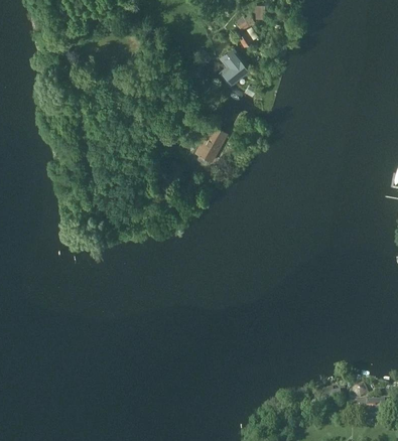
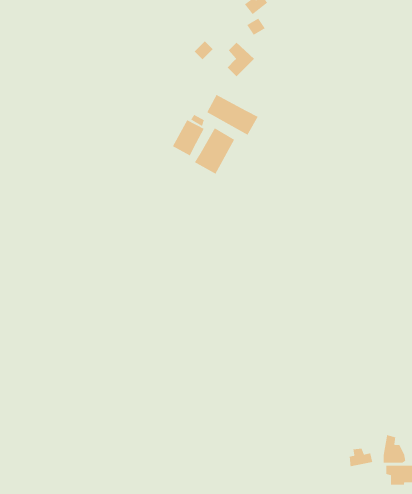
building: none -> [206,94,259,136]
building: none -> [172,119,205,157]

